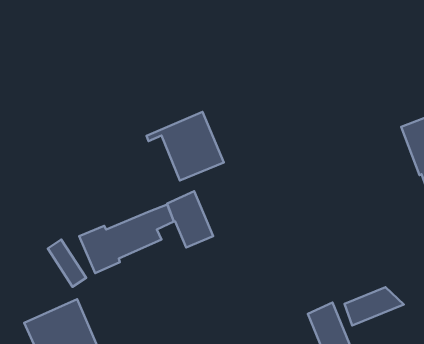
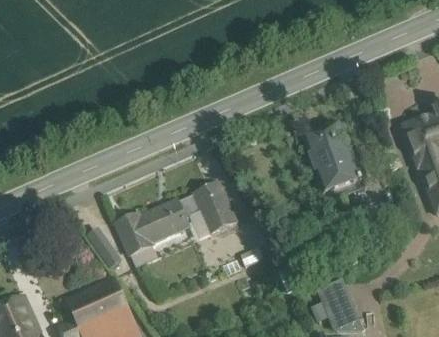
building: [147,112,224,181] -> none
building: none -> [302,124,365,202]
building: [344,287,404,326] -> none

